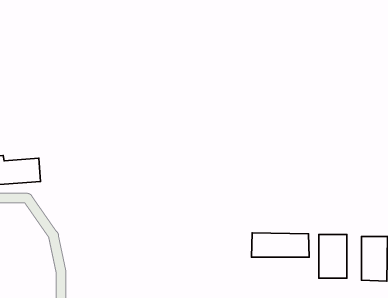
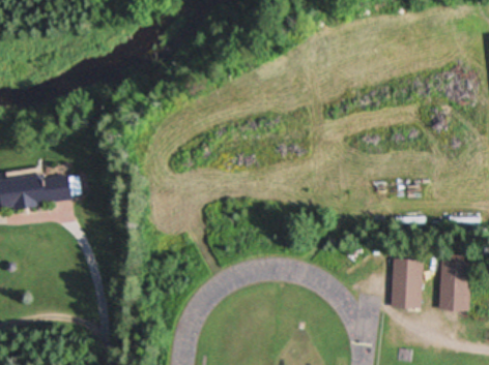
building: [252,233,309,257] -> none

